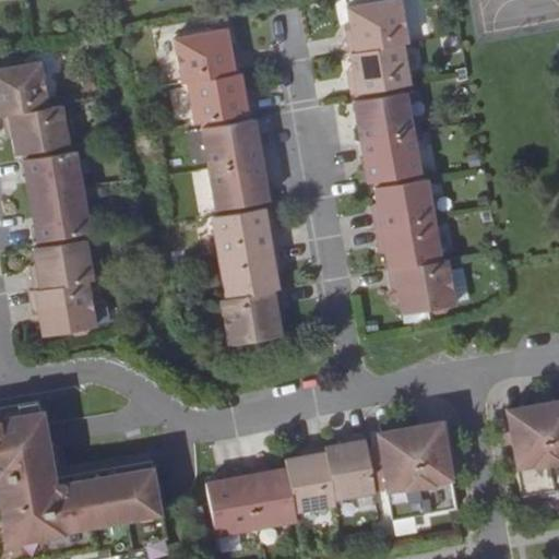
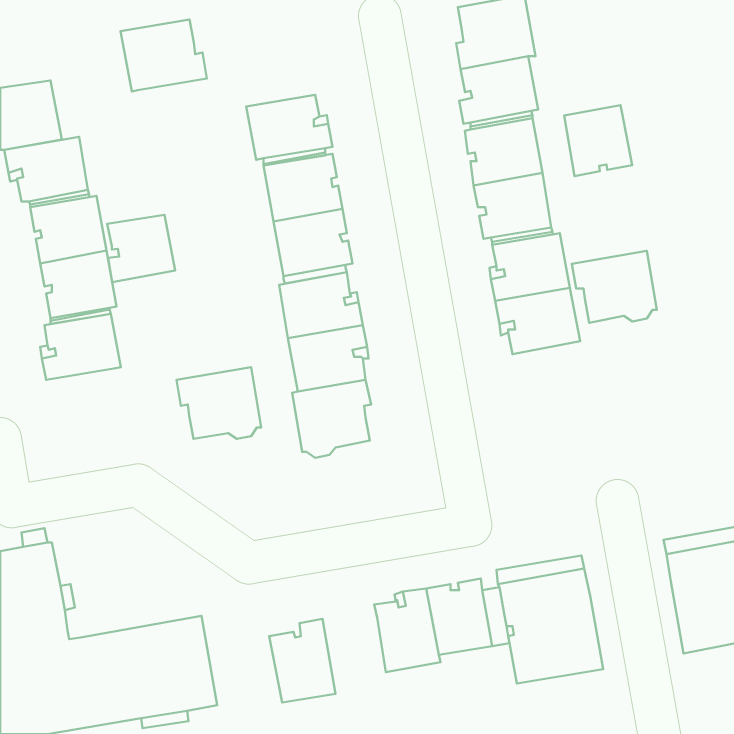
building: [175,27,240,82] -> [120,20,207,91]
building: none -> [564,105,632,176]
building: none -> [107,215,175,282]
building: [390,259,454,313] -> [572,251,657,323]
building: [31,280,95,334] -> [176,367,261,439]
building: [246,466,296,526] -> none

